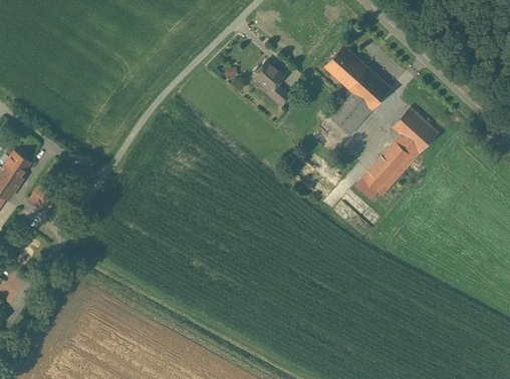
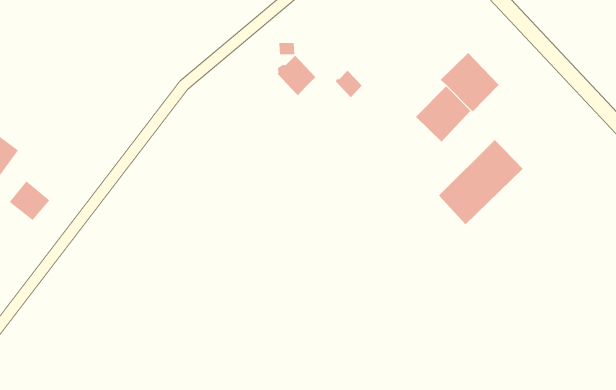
building: [325,47,367,89] -> none
building: [254,62,284,93] -> [277,55,316,96]
building: [385,105,434,152] -> none

